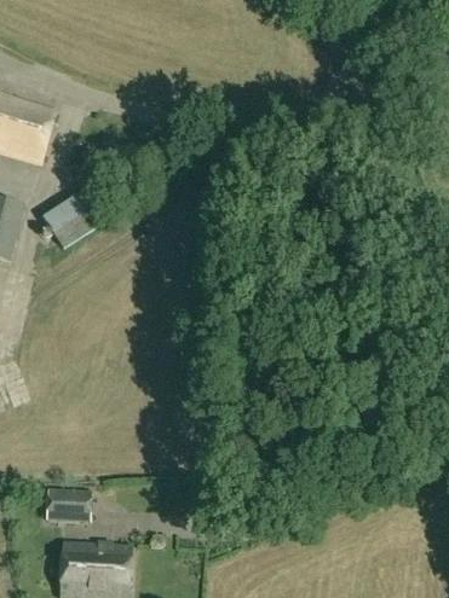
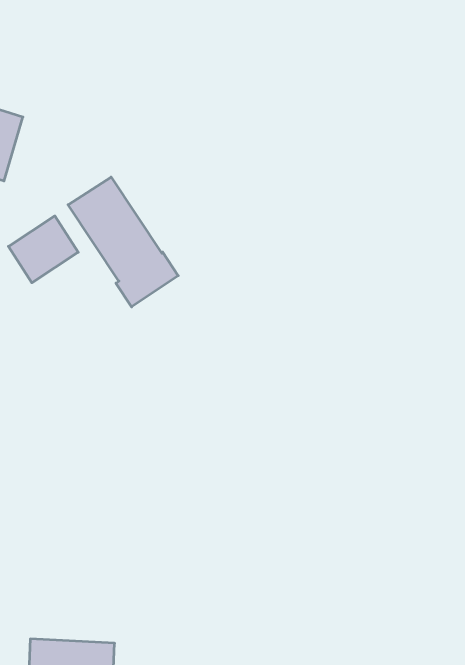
building: none -> [68,177,178,307]
building: [45,490,90,522] -> none

